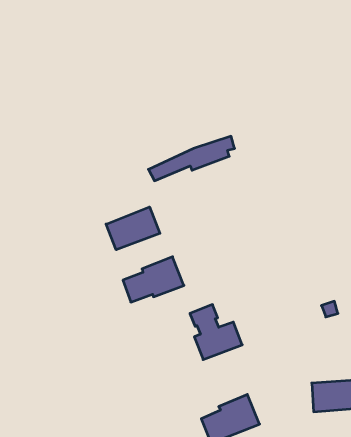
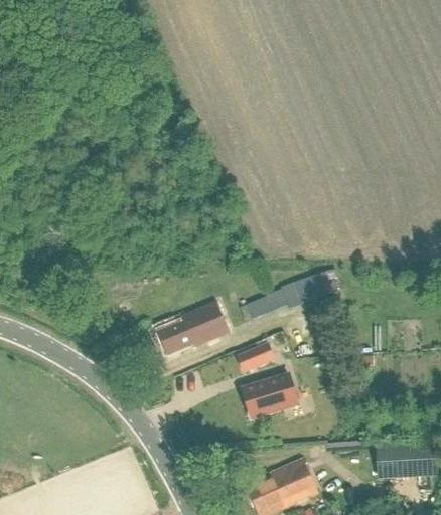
building: [148,136,235,181] -> [241,269,340,320]
building: [106,207,160,250] -> none

